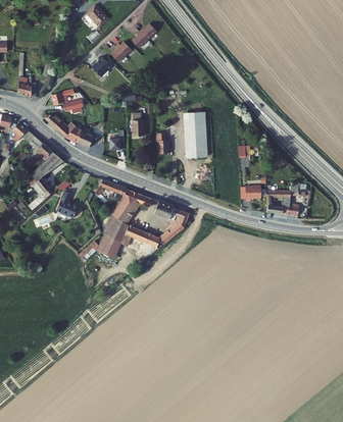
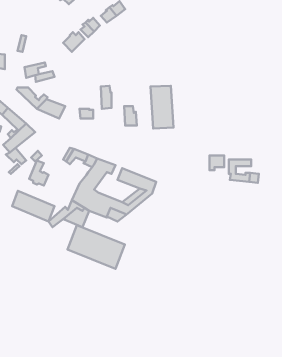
building: none -> [12,191,55,222]
building: none -> [68,225,125,269]

